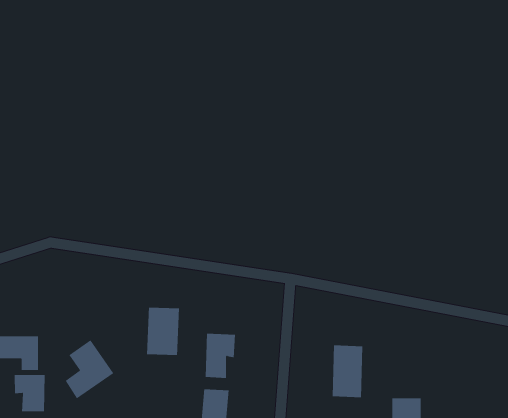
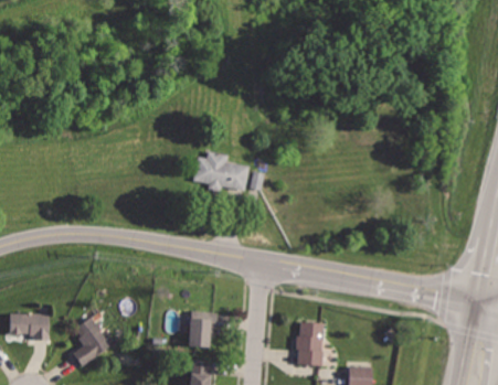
building: none -> [191,152,246,193]
building: [146,307,179,356] -> none
building: [14,374,45,412] -> none

